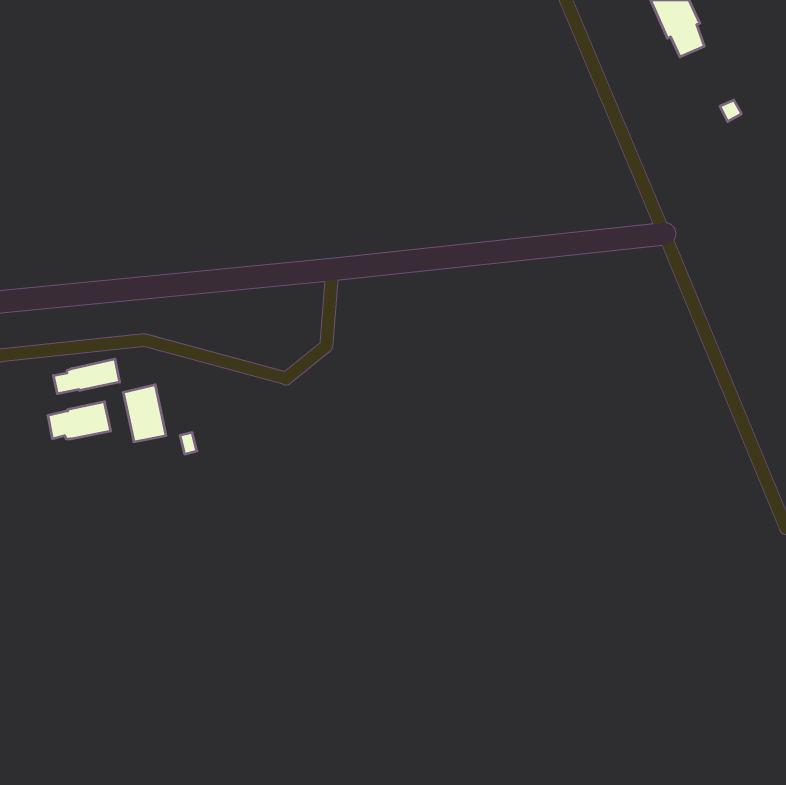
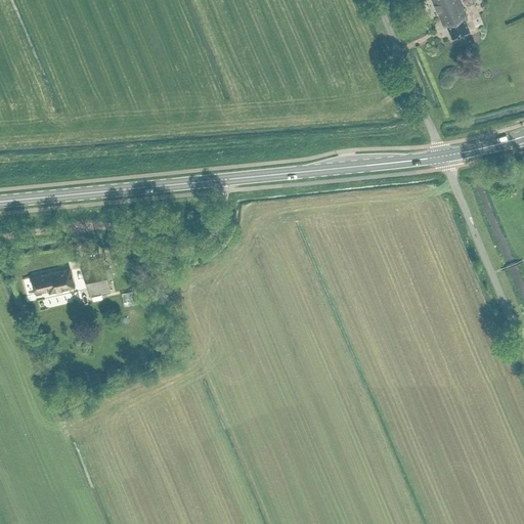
building: [53,359,120,394] -> none

